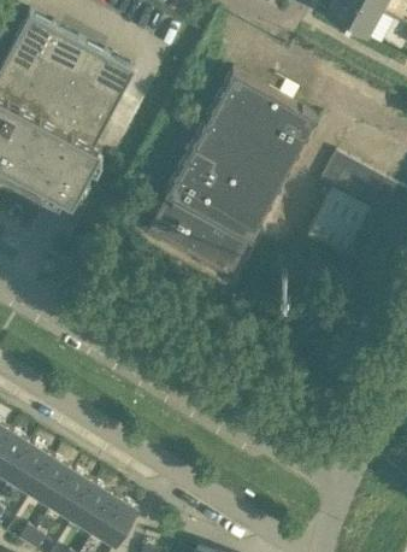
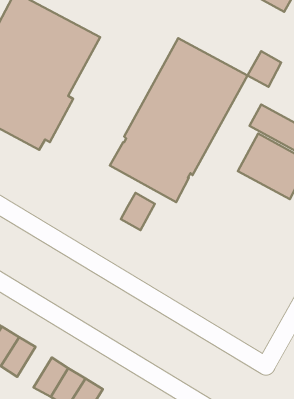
building: none -> [248,51,281,87]
building: none -> [121,193,155,230]
building: [30,456,73,506] -> none

